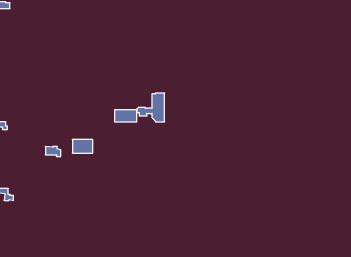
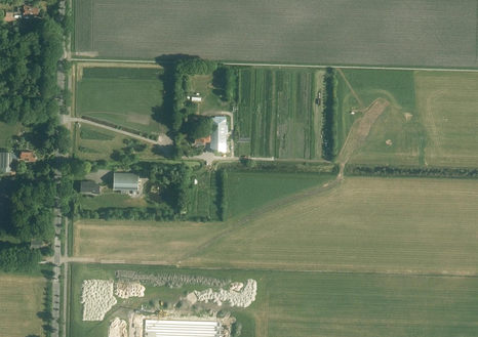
building: [115,110,137,122] -> none

